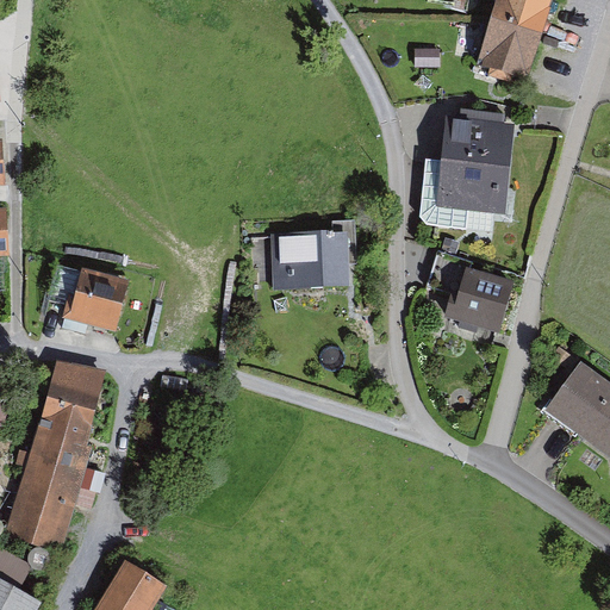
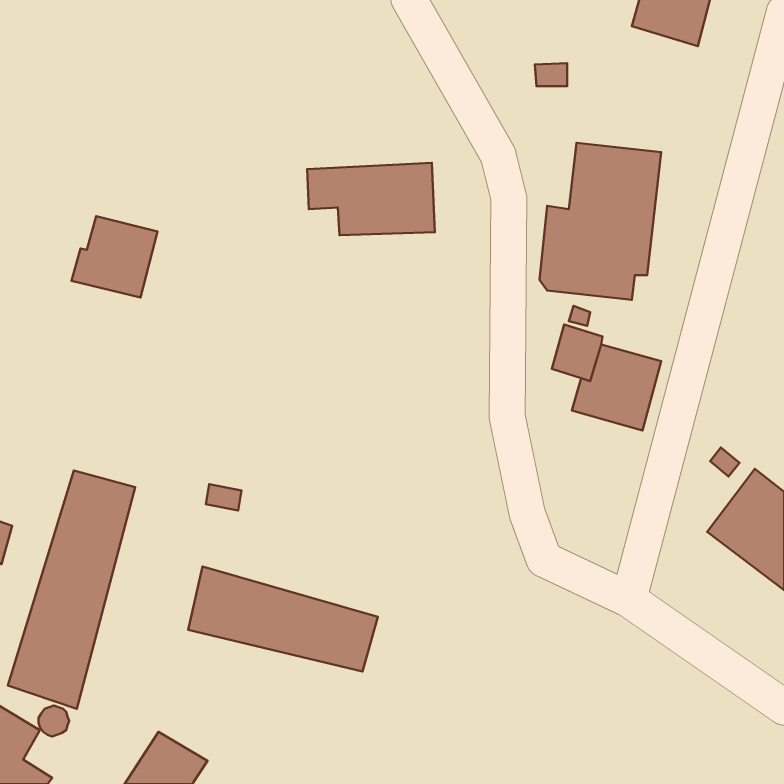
building: [475,20,541,82] -> none
building: [248,231,347,287] -> [307,163,435,235]
building: [62,268,129,331] -> [71,216,158,298]
building: none -> [188,566,378,672]

